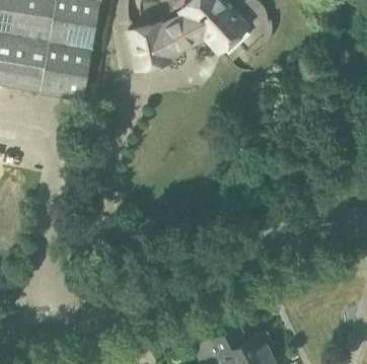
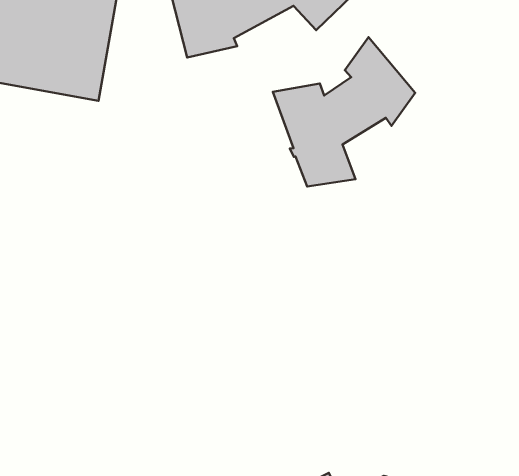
building: none -> [273,37,415,187]

